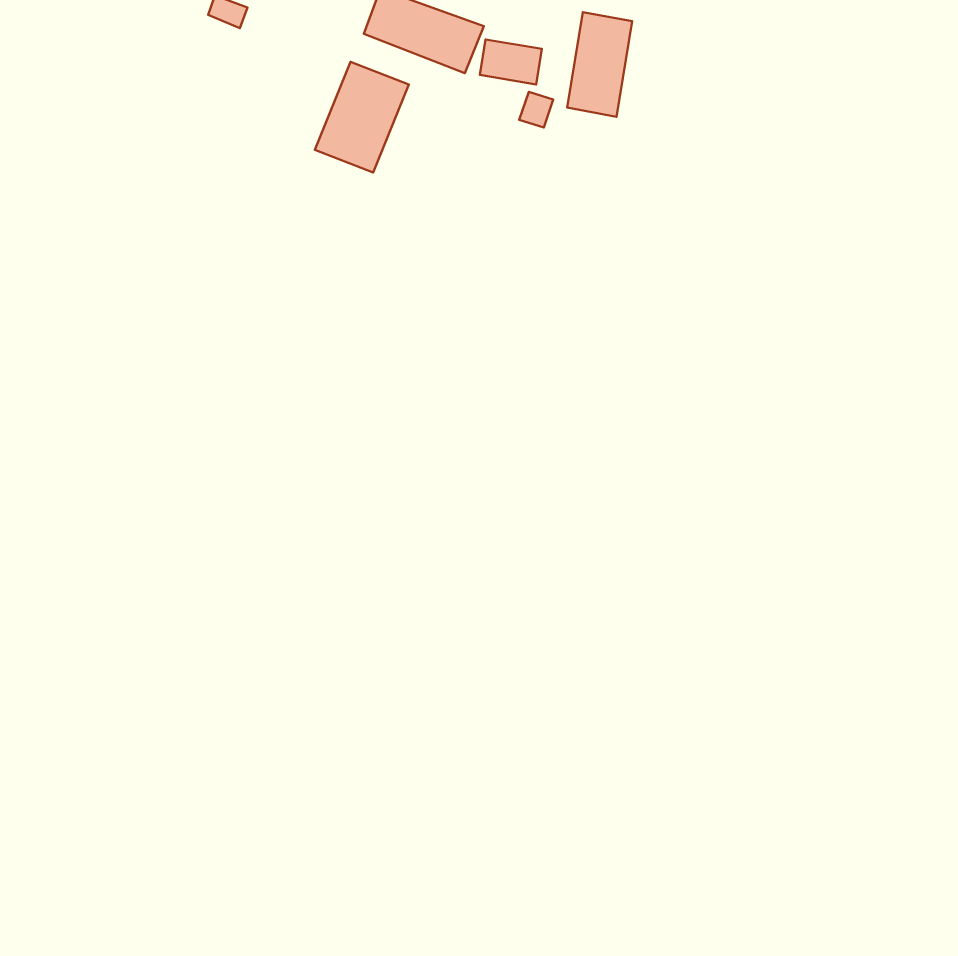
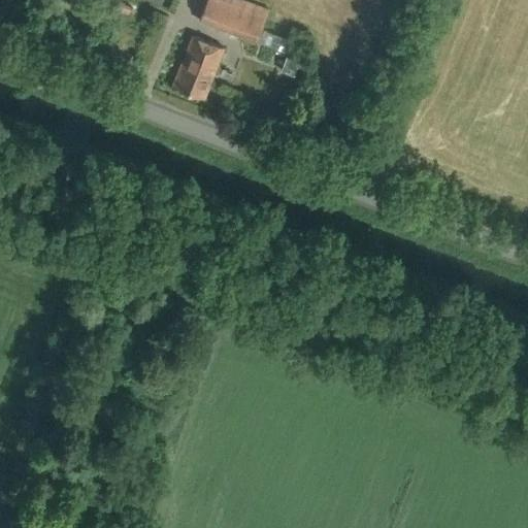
building: [567,12,632,117] -> none

